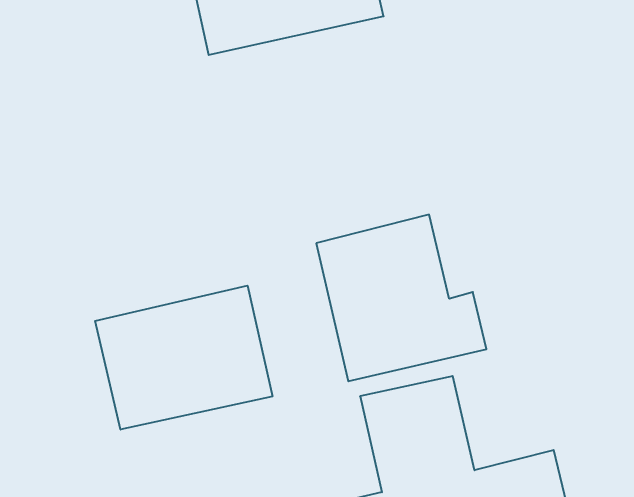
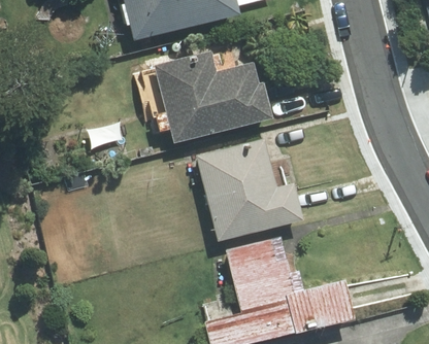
building: none -> [154,53,269,146]
building: [95,286,272,430] -> none

